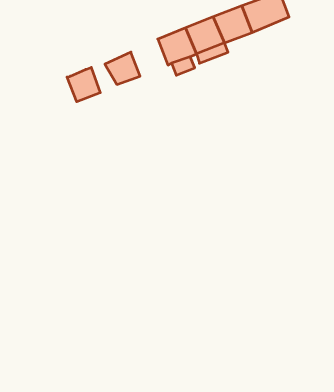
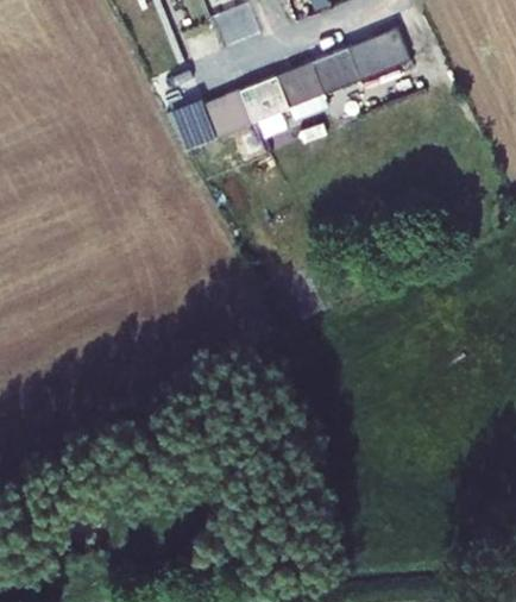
building: none -> [204,89,253,137]
building: [67,67,100,102] -> none

